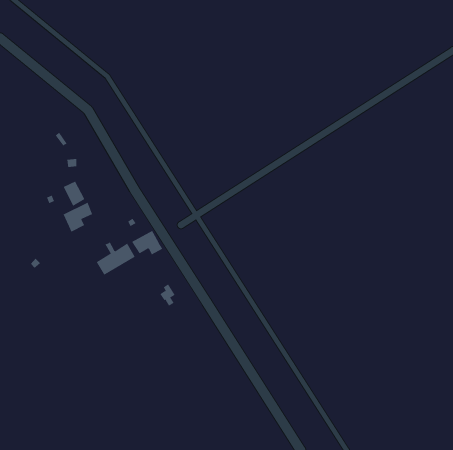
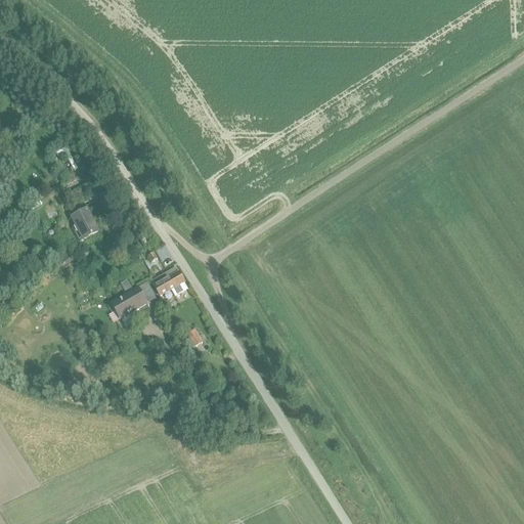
building: [63,202,93,232] -> none

